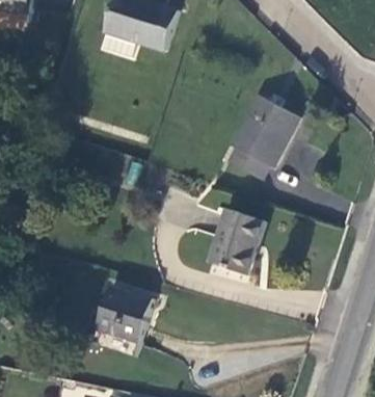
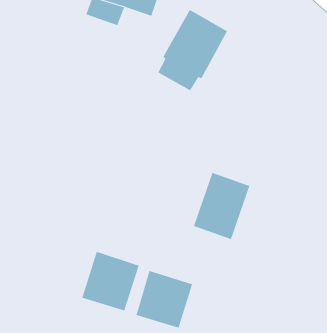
building: [226,96,297,178] -> [157,9,228,91]
building: none -> [136,270,193,328]

